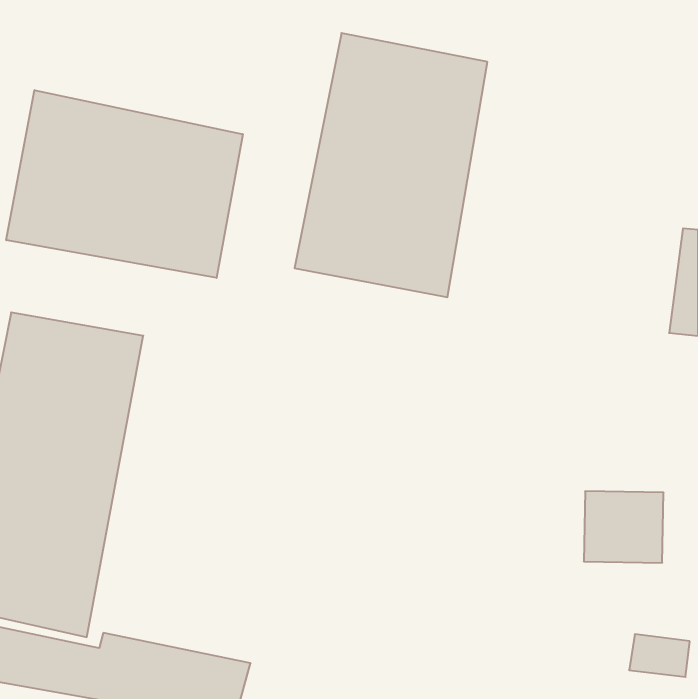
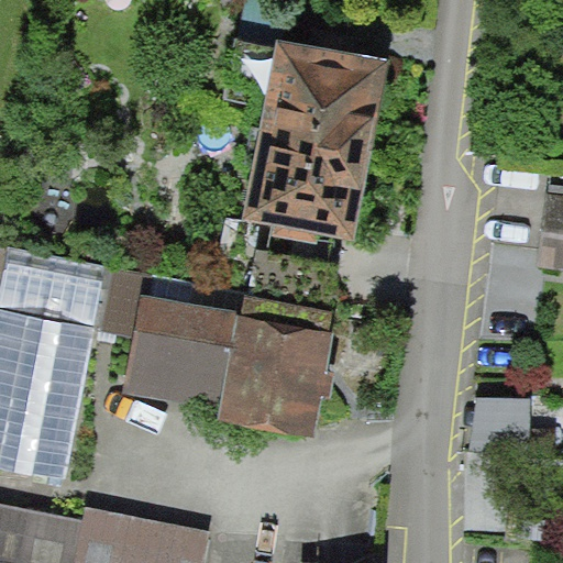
building: [6,90,243,278] -> none
building: none -> [114,290,330,450]

